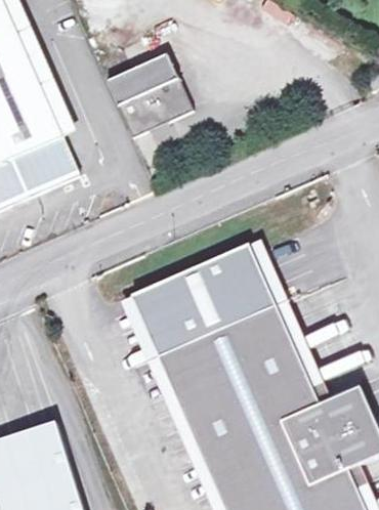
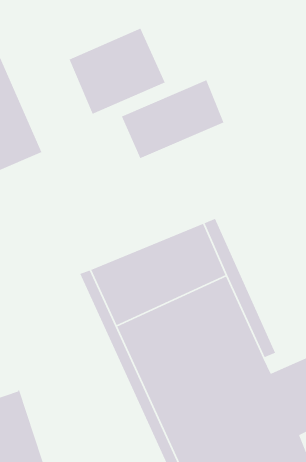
building: none -> [121,79,225,159]

